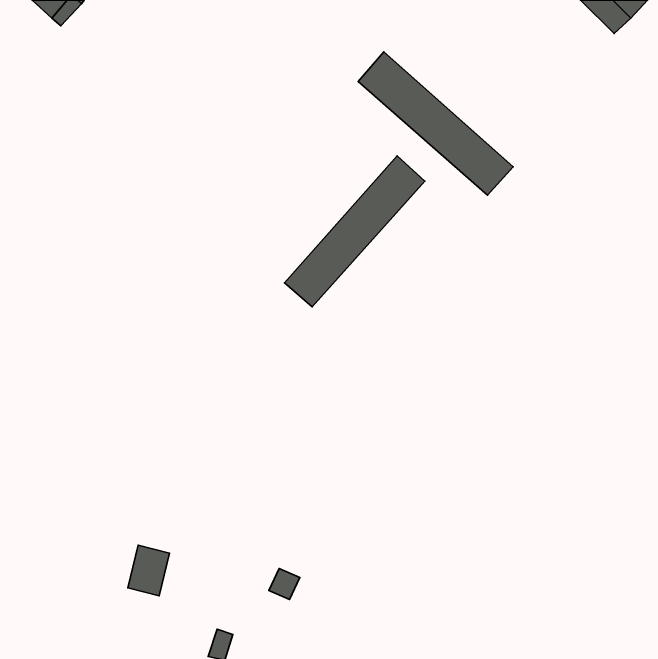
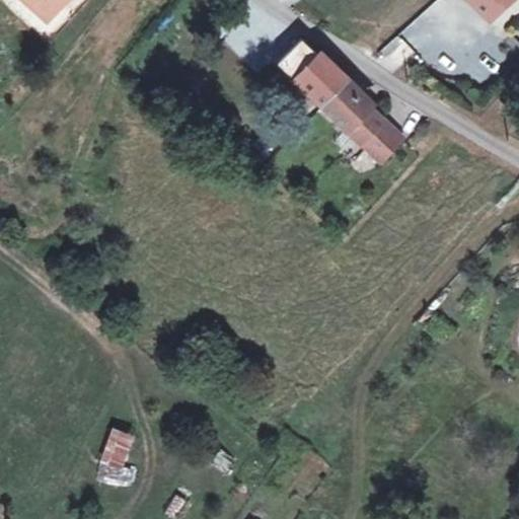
building: [284,156,425,307] -> none

